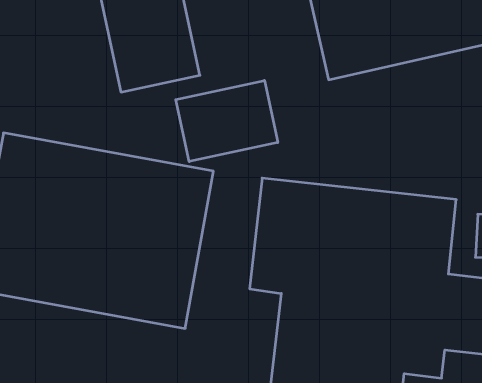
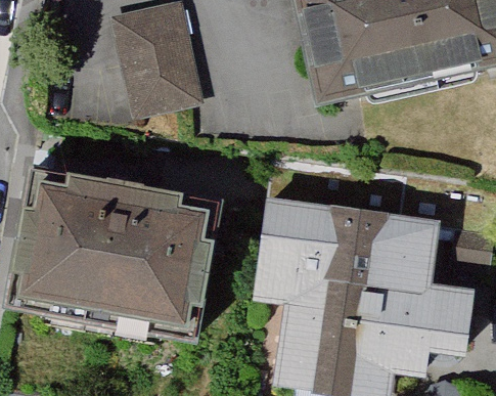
building: [176,80,278,162] -> none

